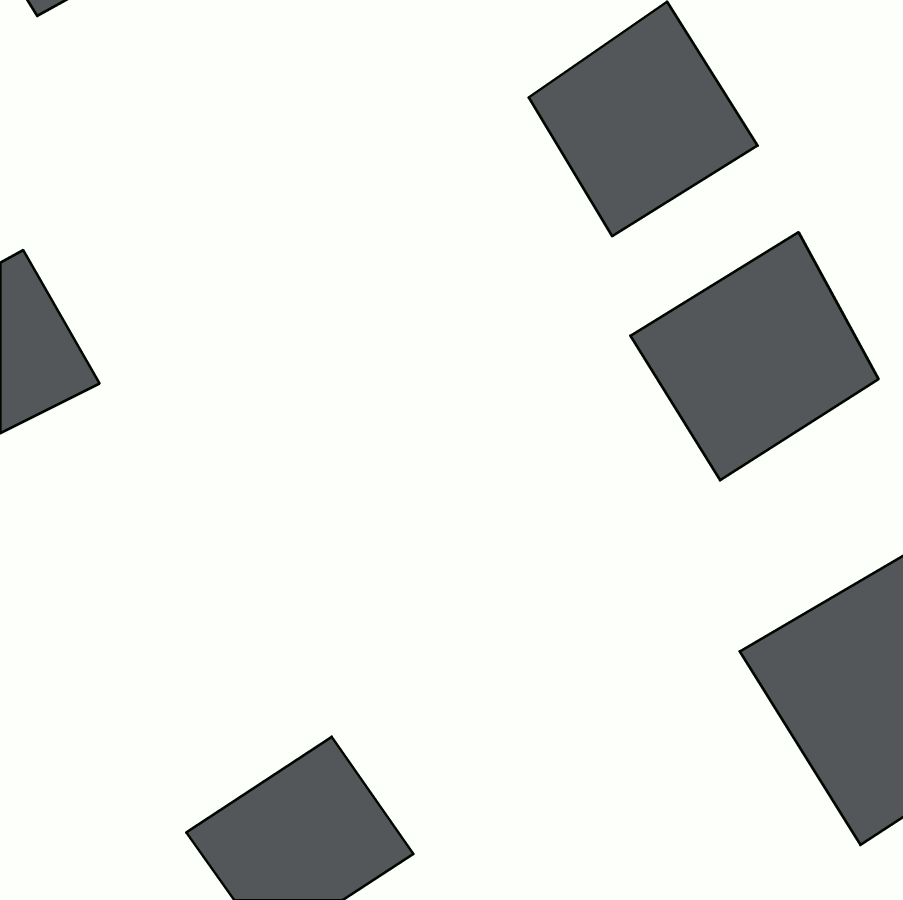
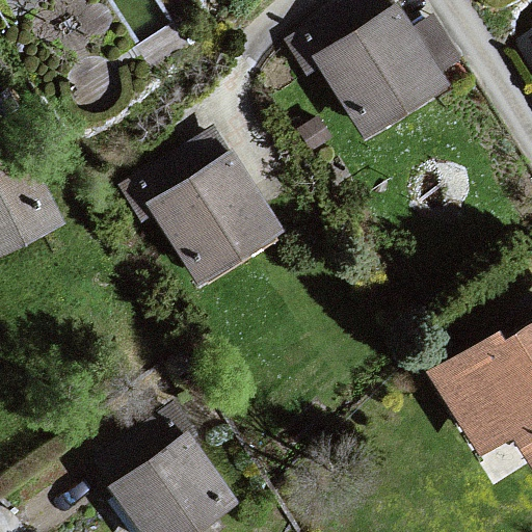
building: [630,232,878,480] -> none
building: none -> [143,151,280,285]

